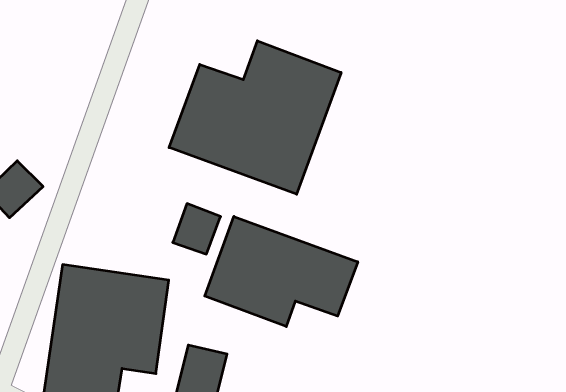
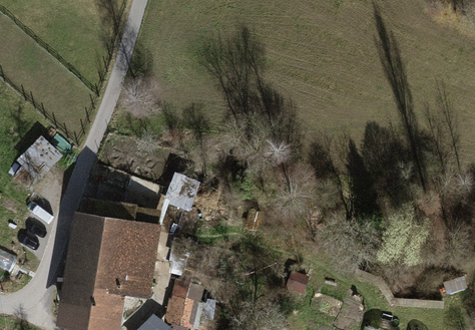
building: [169,41,341,194] -> none
building: [205,216,358,327] -> none

